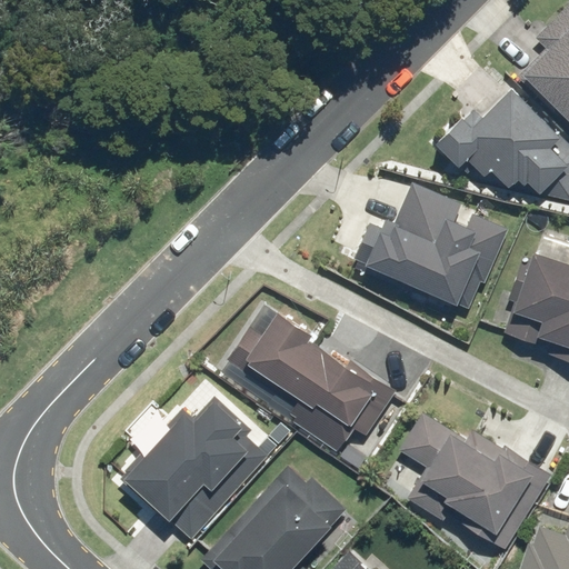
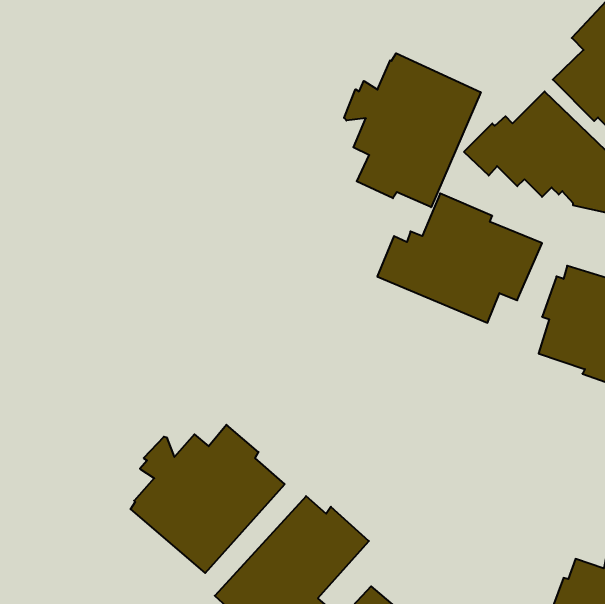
building: none -> [344,53,481,207]
building: [229,312,398,451] -> none
building: [400,412,552,549] -> none

